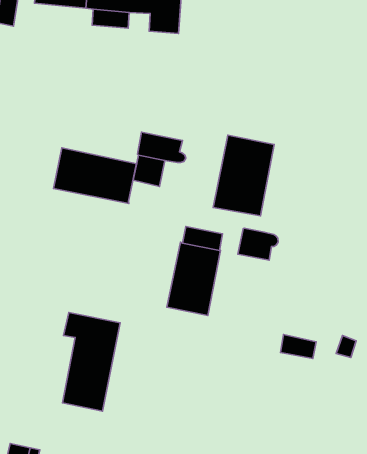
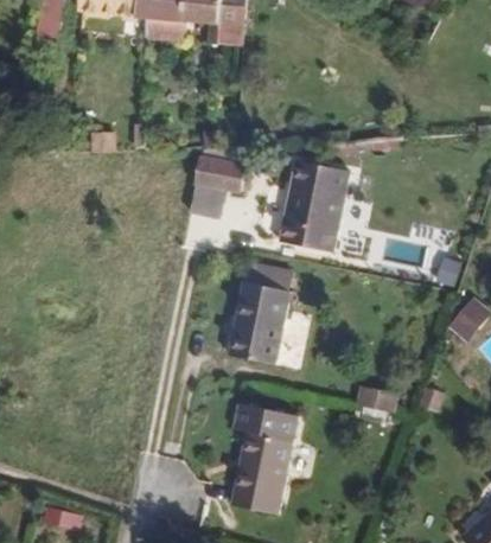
building: [53,148,137,204] -> none
building: [238,228,278,260] -> none
building: [63,312,120,411] -> [231,403,296,515]

